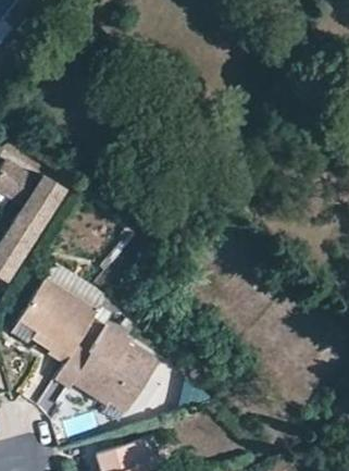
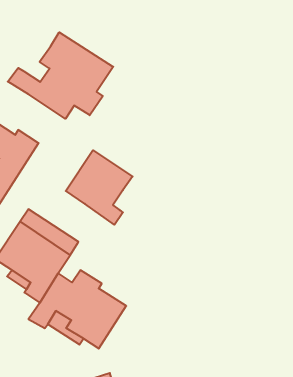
building: none -> [8,32,113,119]
building: none -> [66,150,133,225]

